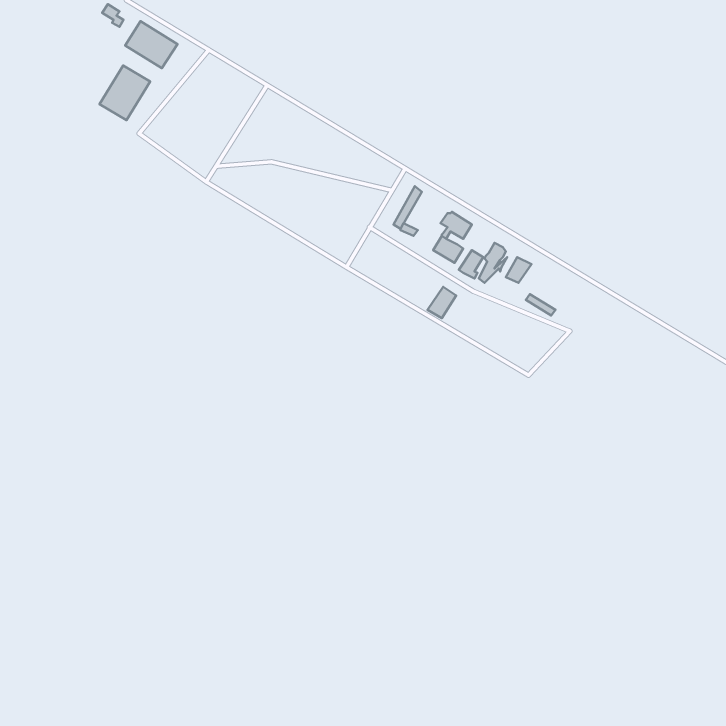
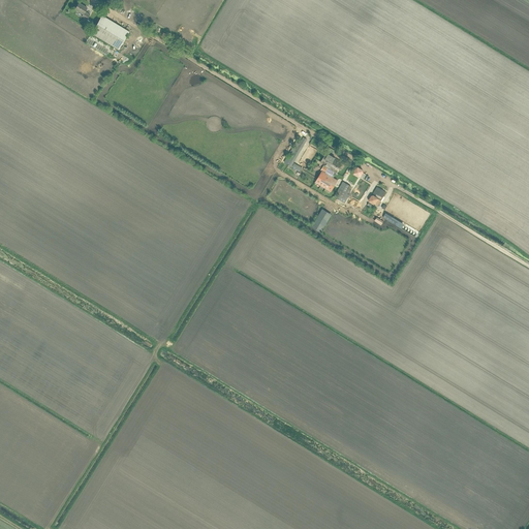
building: [99,66,150,120] -> none

